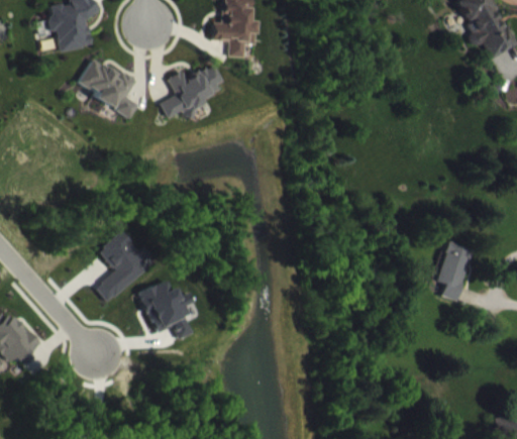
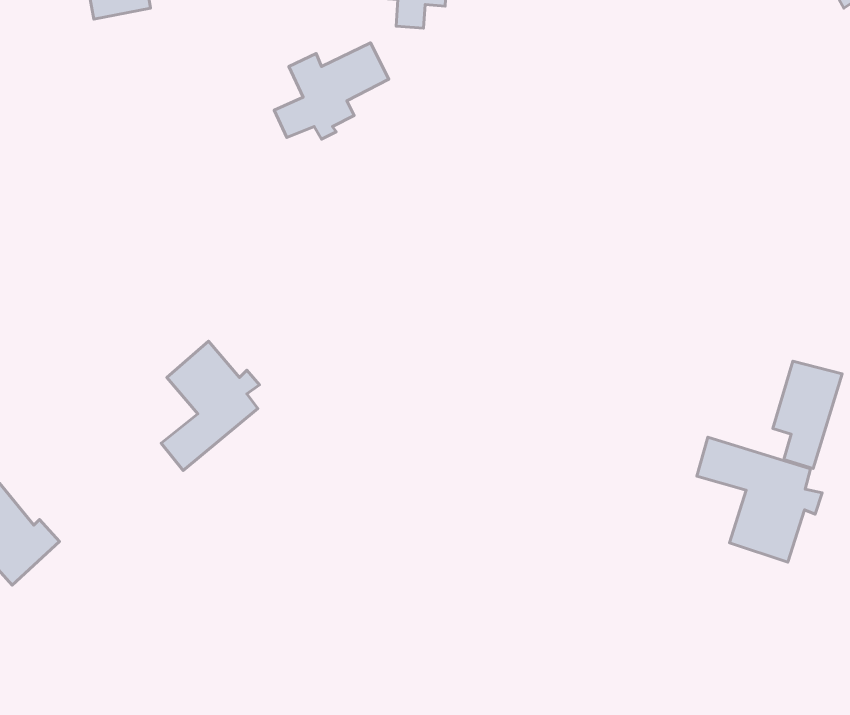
building: [76,59,137,117] -> none
building: [138,280,192,338] -> none
building: none -> [697,437,822,562]

